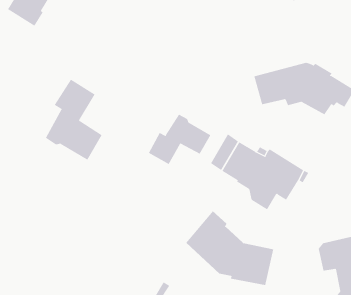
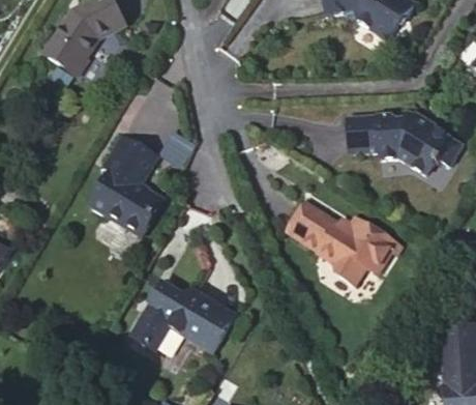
building: [148,114,211,165] -> none
building: none -> [130,287,235,354]
building: [185,210,274,286] -> none

